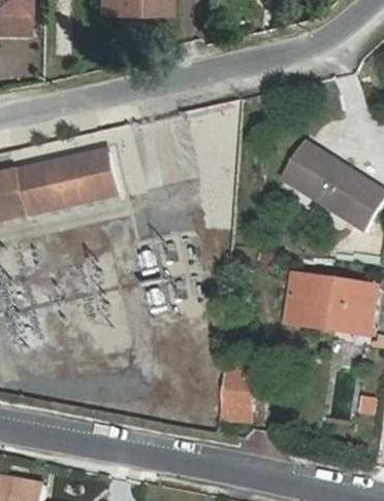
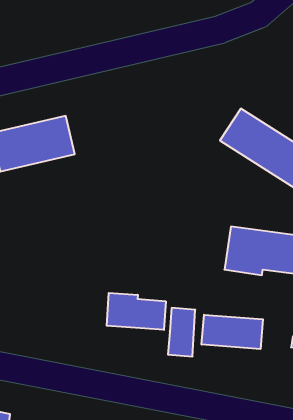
building: none -> [107,293,166,330]
building: none -> [202,315,263,349]

